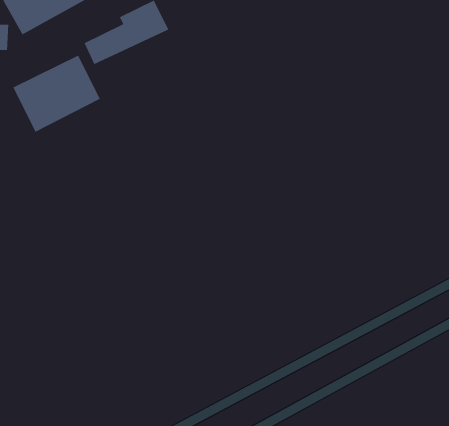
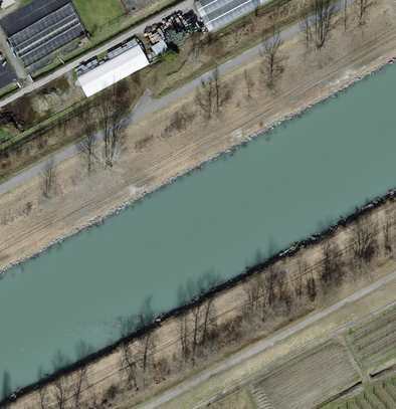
building: [12,55,101,133] -> none

